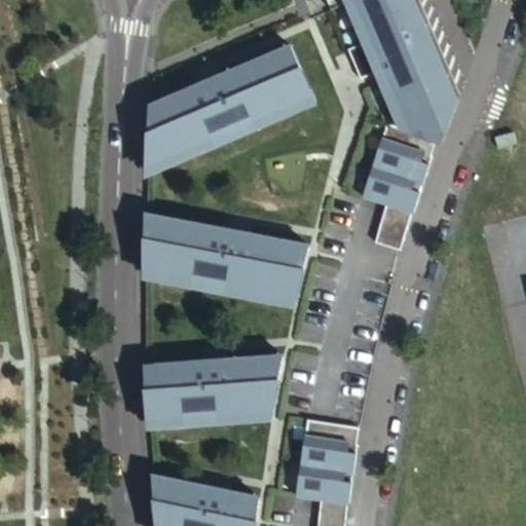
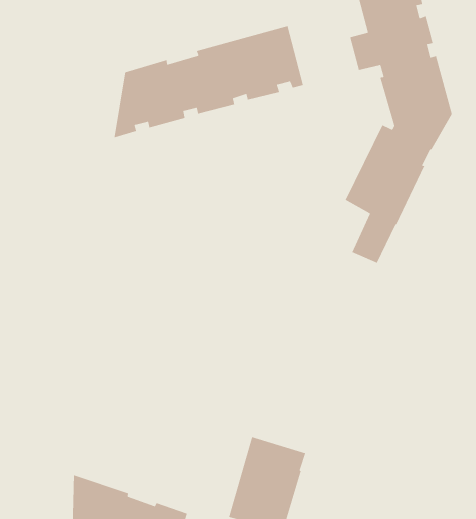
building: [143,214,308,300] -> none
building: [143,355,283,421] -> none

